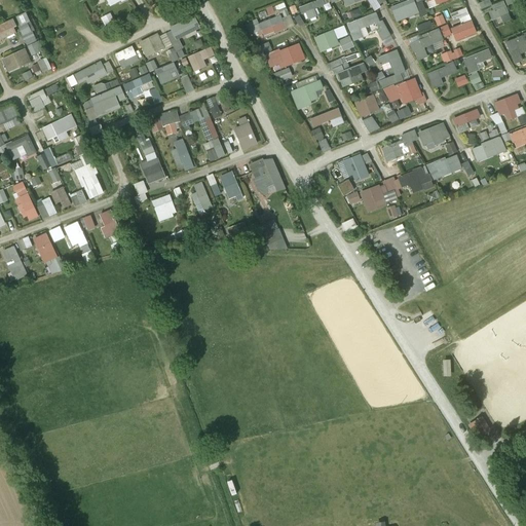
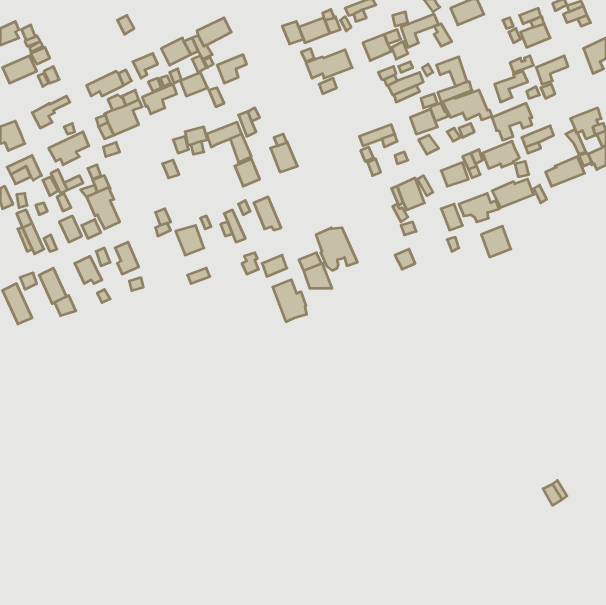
building: [409,28,444,60] -> [492,103,532,140]
building: [291,80,324,110] -> none
building: [172,139,194,171] -> none
building: [140,158,165,184] -> none
building: [250,158,286,195] -> [316,228,357,270]
building: [361,185,386,212] -> [481,226,511,257]
building: none -> [273,280,307,322]

